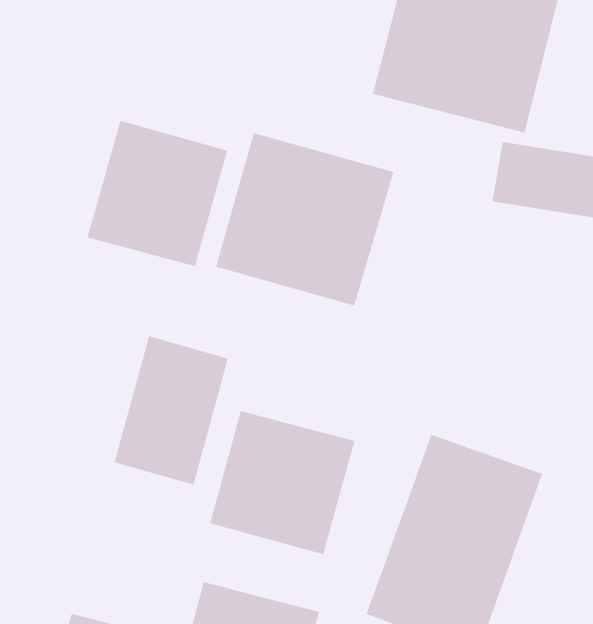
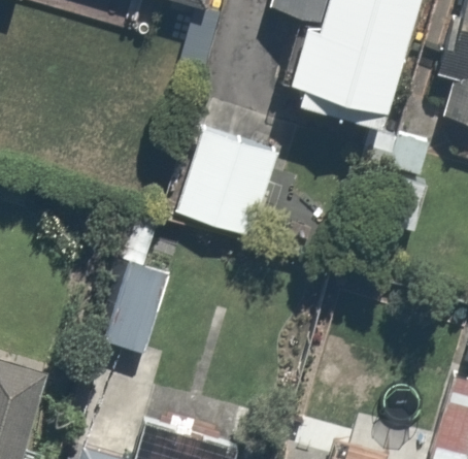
building: [87,120,228,267] -> none
building: [209,410,355,555] -> none

